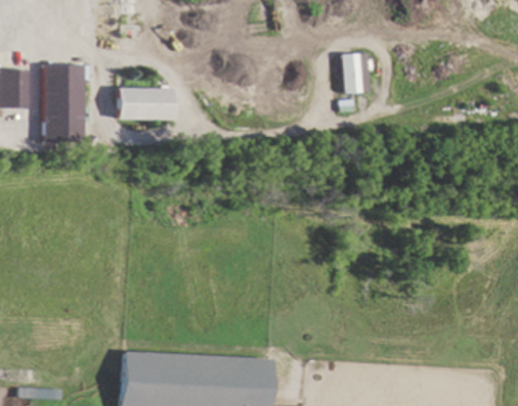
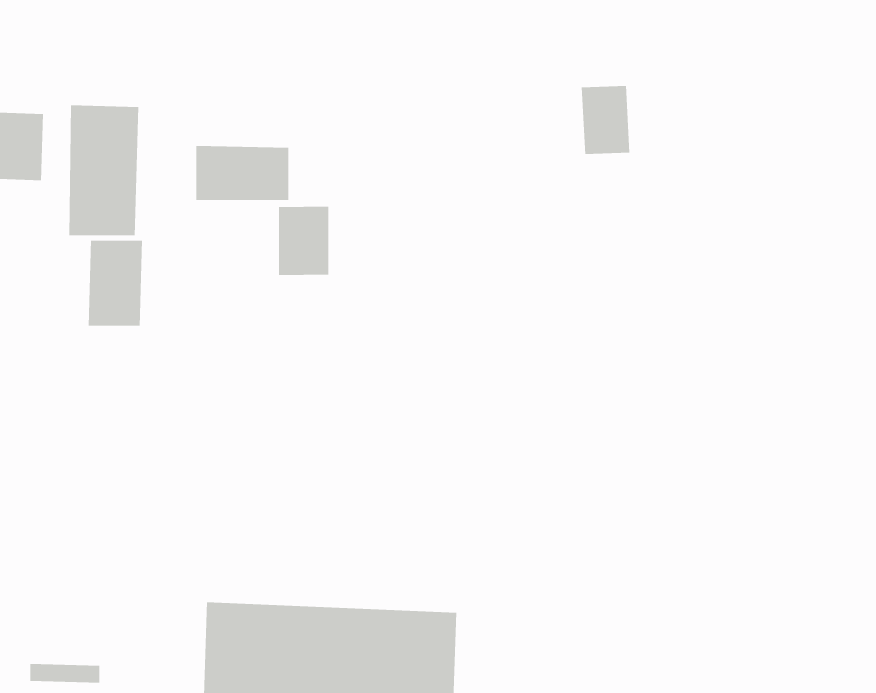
building: none -> [279,206,329,276]
building: none -> [88,240,143,327]

